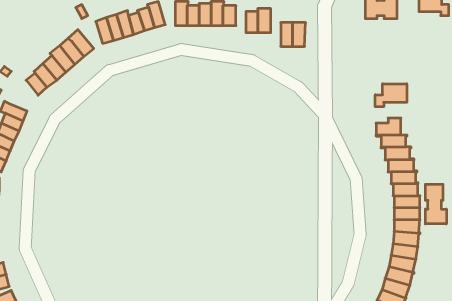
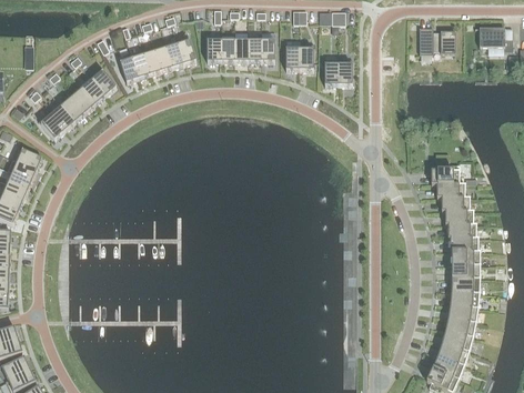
building: [375,84,407,107] -> none
building: [425,184,446,224] -> none

